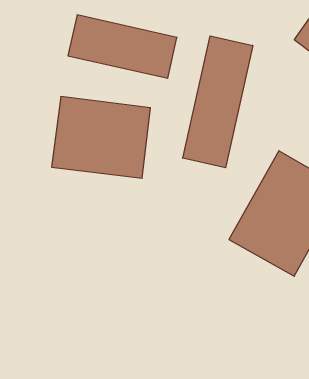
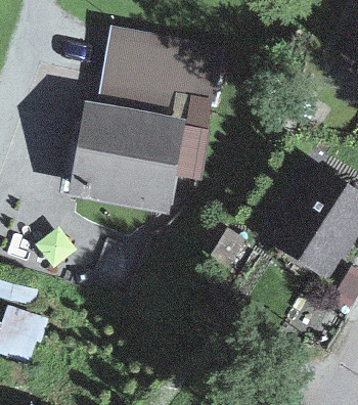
building: [183,36,253,168] -> none

